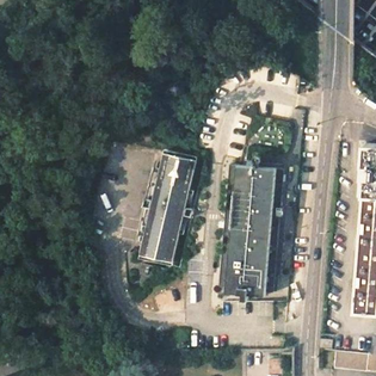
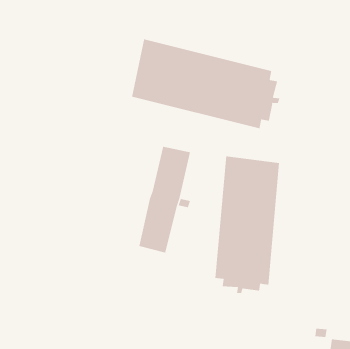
building: none -> [132,38,280,129]

